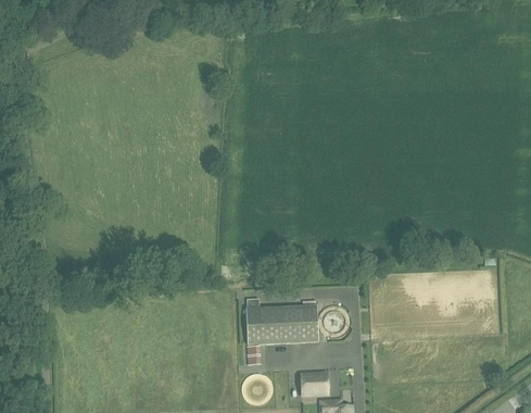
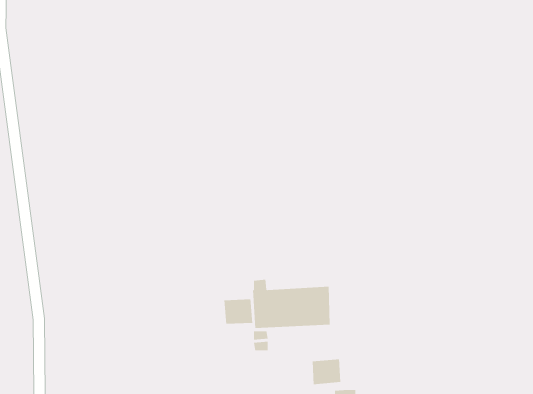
building: none -> [224,299,253,325]

